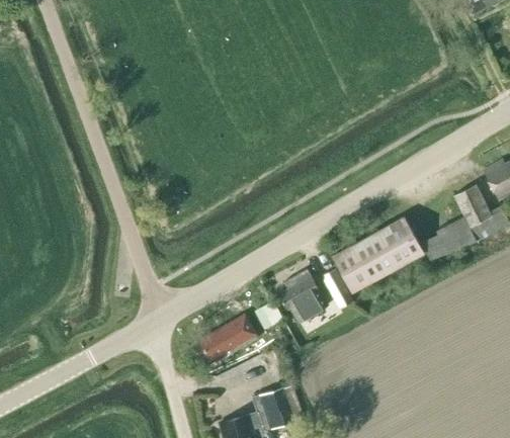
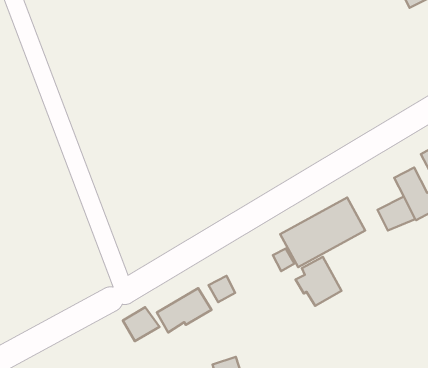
building: [278,270,328,323] -> [295,257,342,306]
building: none -> [123,307,160,341]

